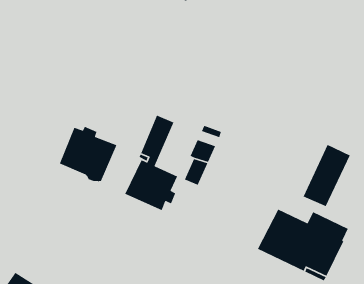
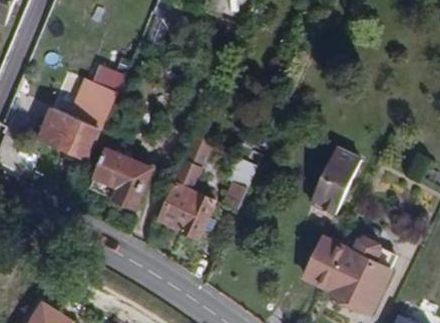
building: none -> [38,62,125,159]
building: [302,144,351,207] -> [310,146,361,214]

